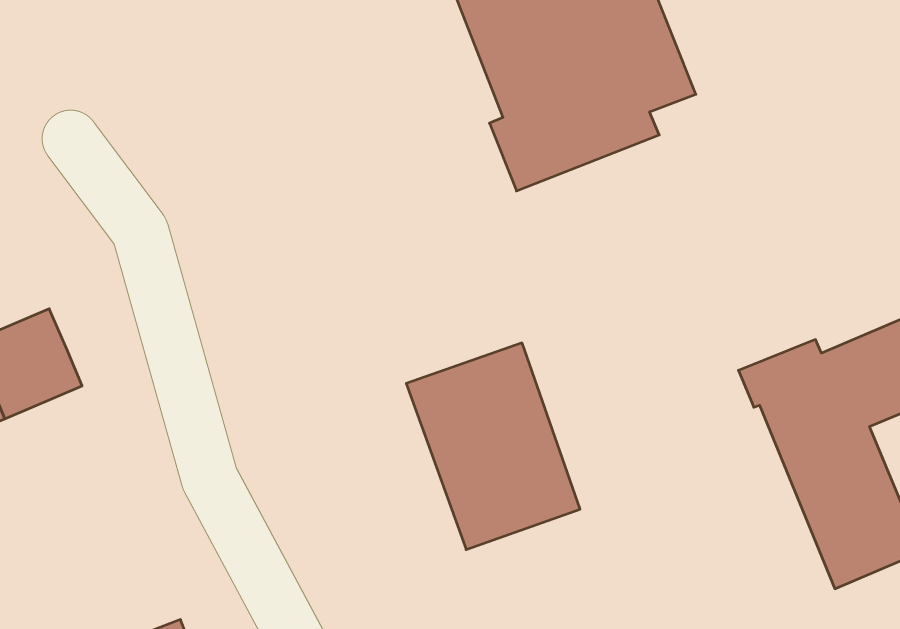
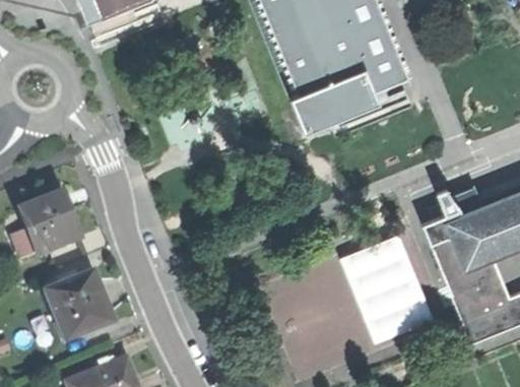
building: [406,343,580,550] -> [343,232,435,340]
building: none -> [46,272,111,337]

